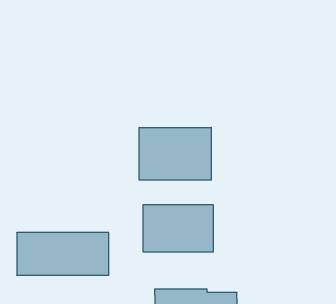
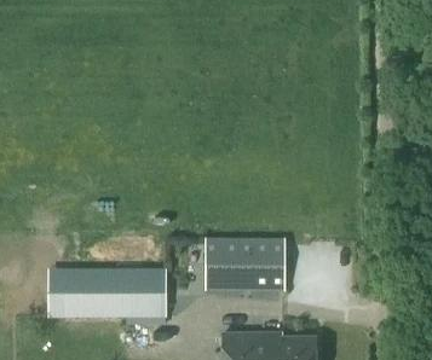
building: [139,127,211,180] -> none

